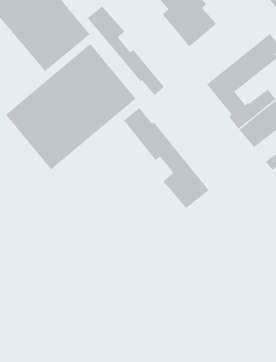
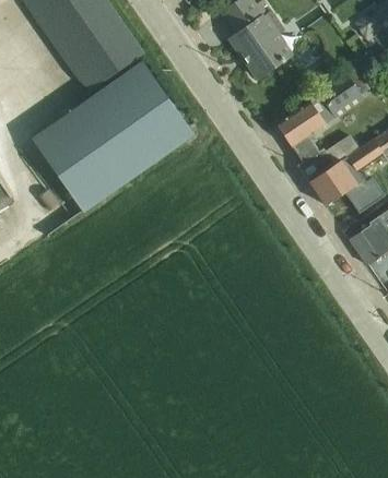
building: [87,6,165,96] -> none
building: [123,107,209,209] -> none

